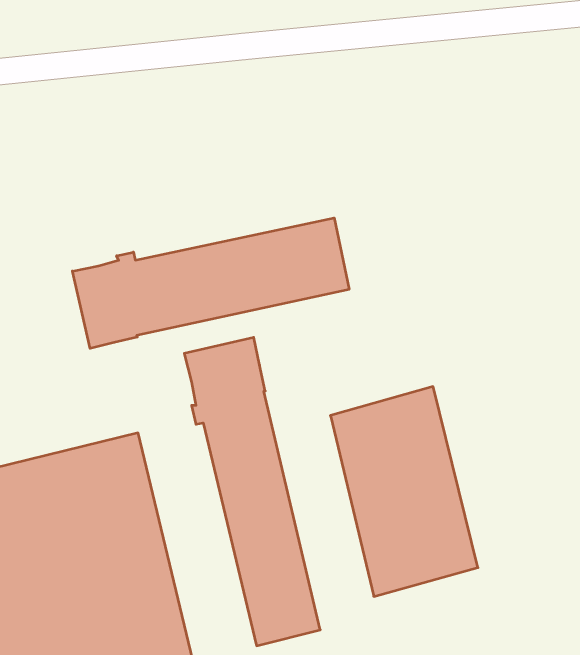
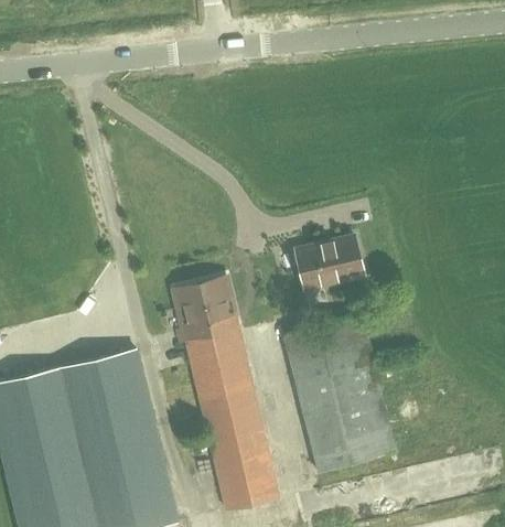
building: [72,218,349,348] -> none
building: none -> [296,237,363,290]

